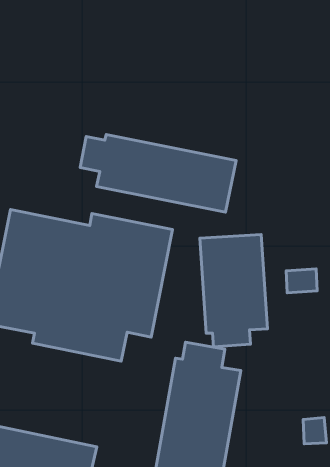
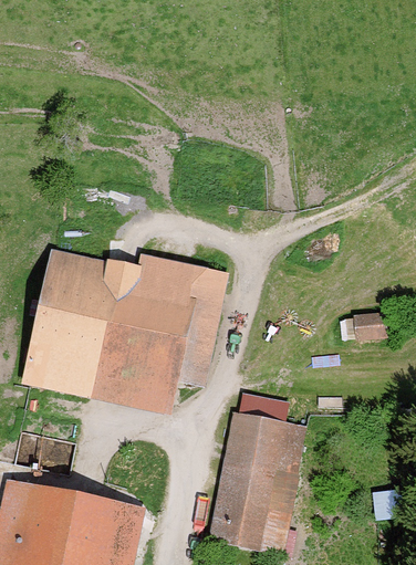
building: [80,135,236,212] -> none
building: [200,234,268,347] -> none

